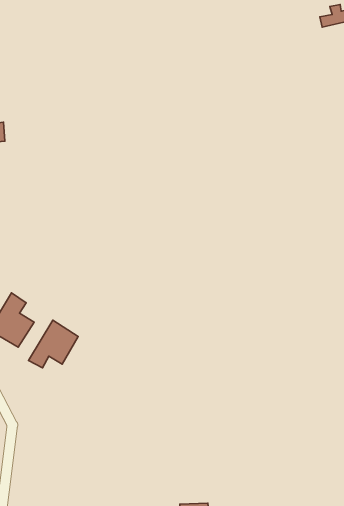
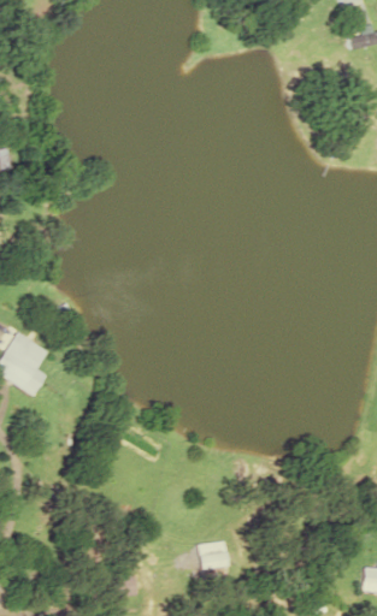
building: [28,320,78,368] -> none

